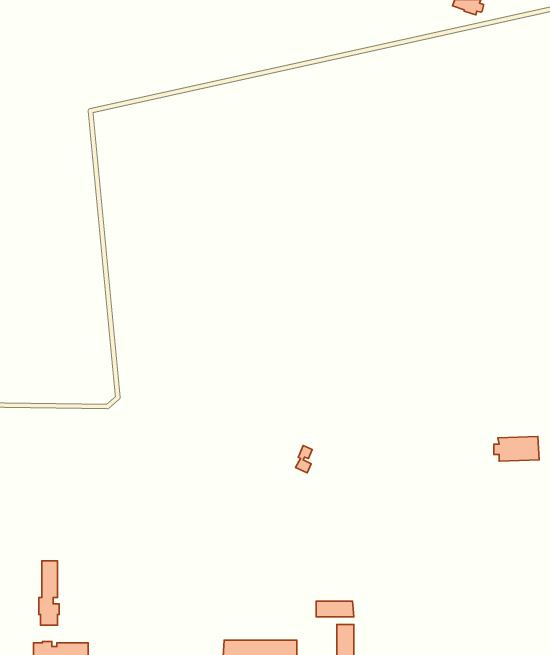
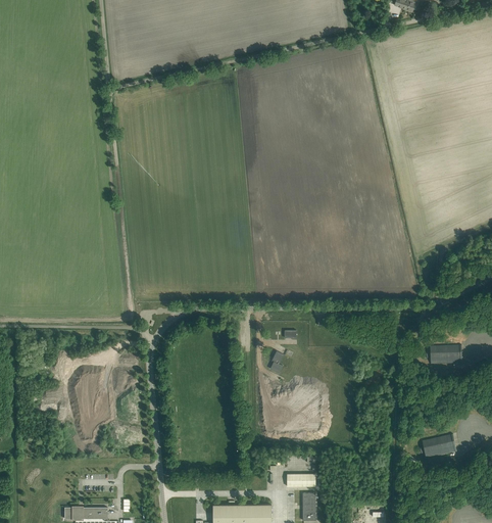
building: none -> [420,433,457,458]
building: [39,561,59,625] -> none

